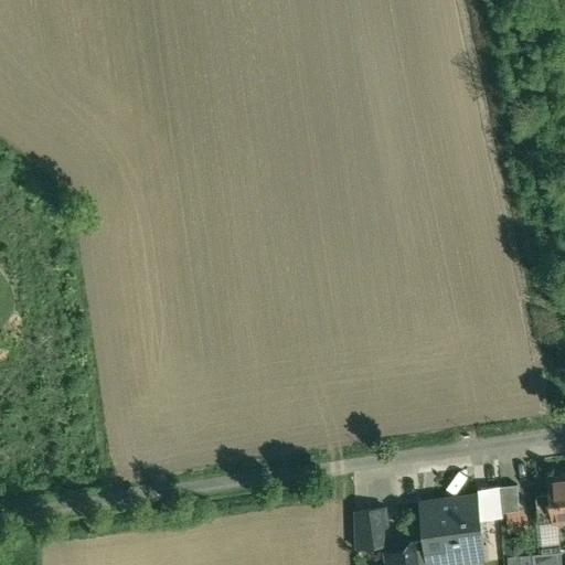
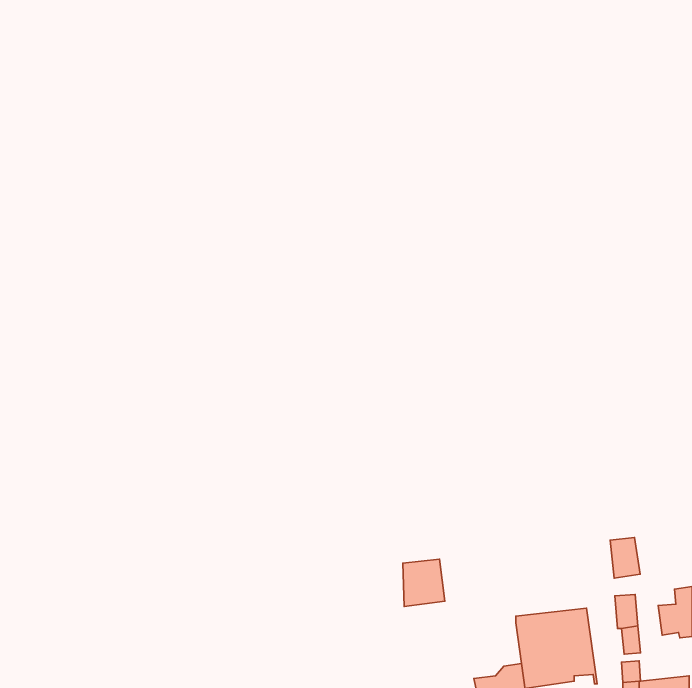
building: [479,490,503,523] -> [610,537,640,578]
building: [355,511,390,550] -> [403,559,445,607]

